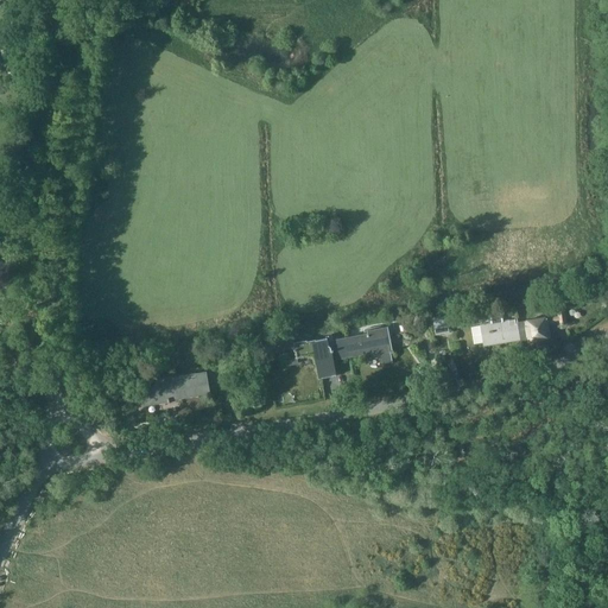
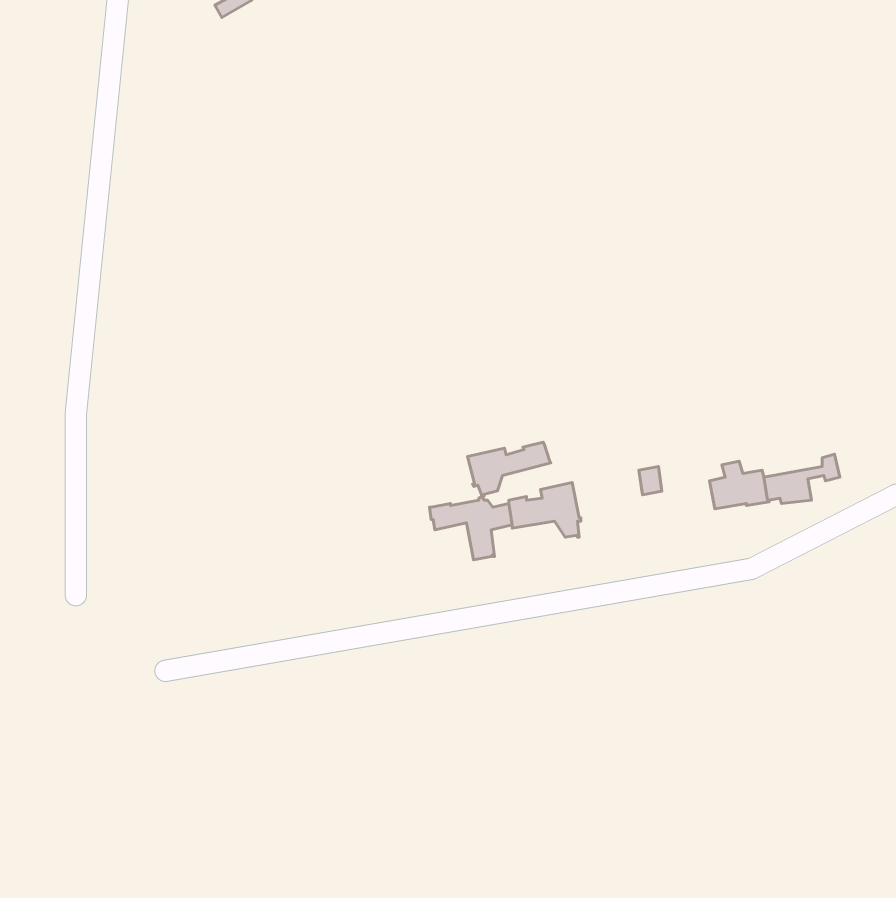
building: none -> [467,442,551,497]
building: [145,372,208,404] -> none

